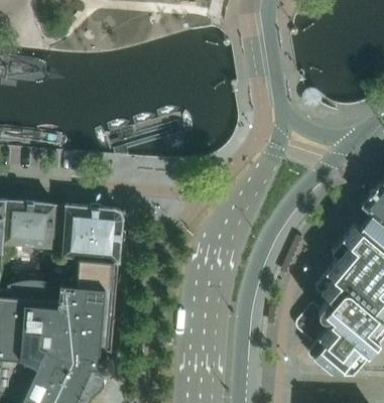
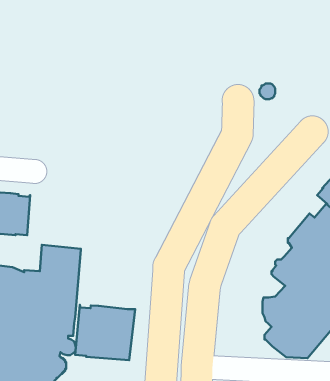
building: [62,206,122,261] -> none
building: none -> [75,305,135,360]

